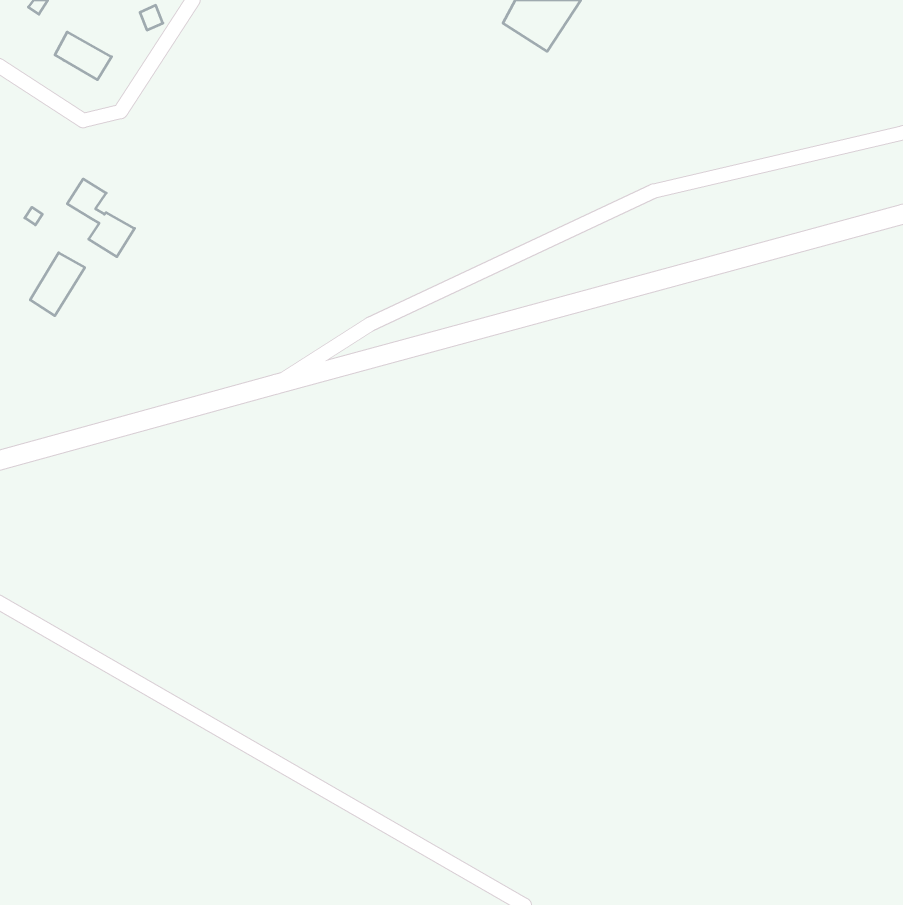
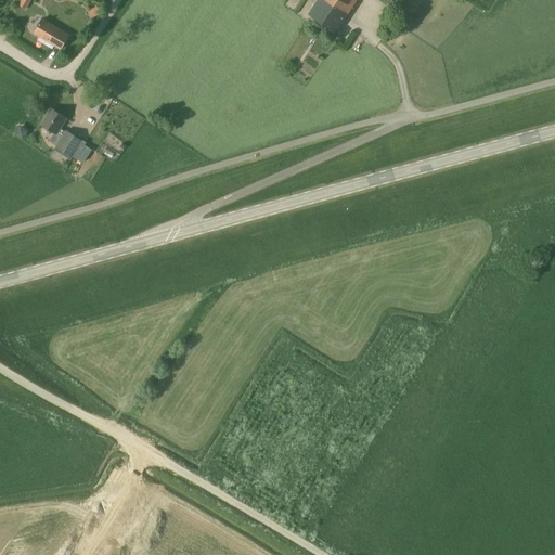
building: [30,253,85,316] -> none

